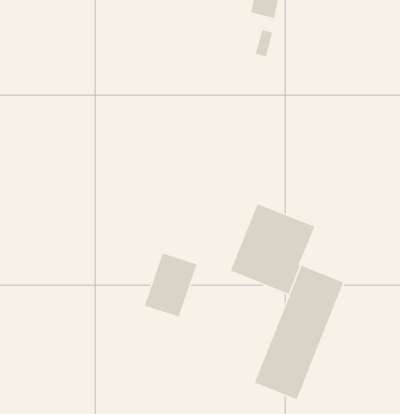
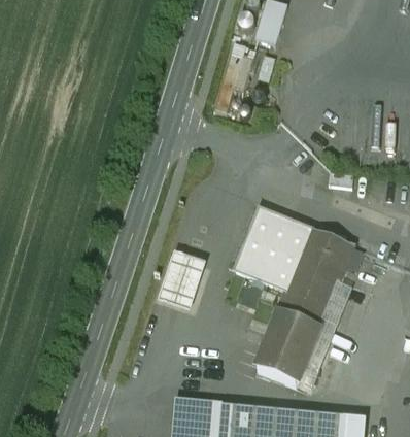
building: none -> [299,230,355,281]

